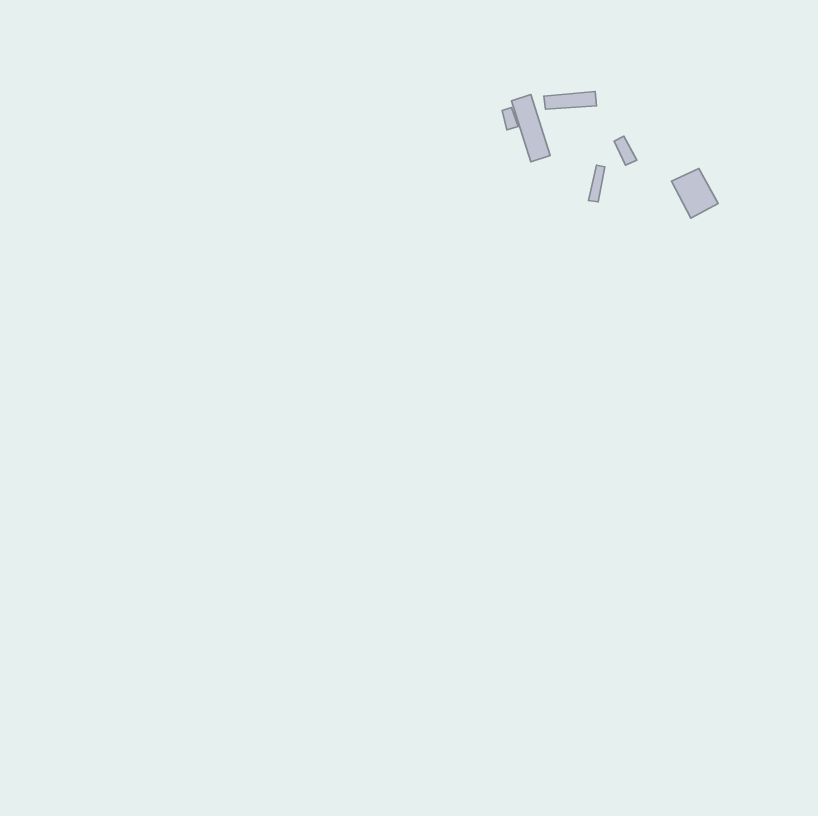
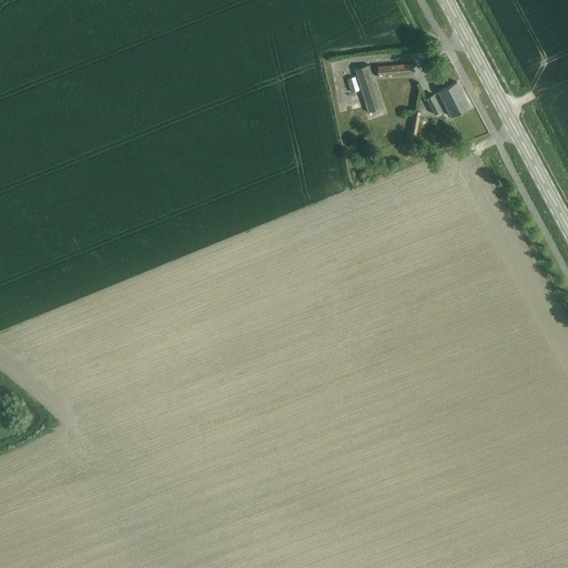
building: [672,168,718,218] -> [438,82,470,116]

